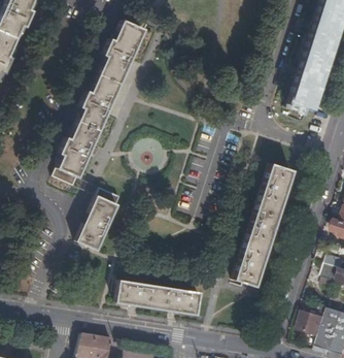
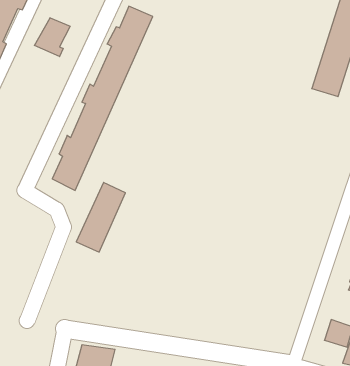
building: none -> [34,18,70,57]
building: [231,162,290,285] -> none
building: [114,280,198,314] -> none

